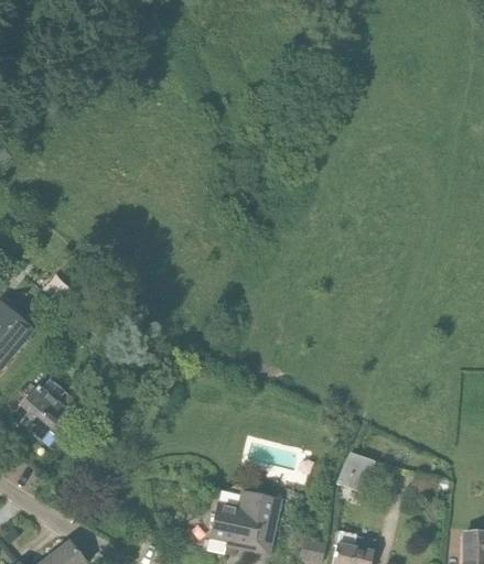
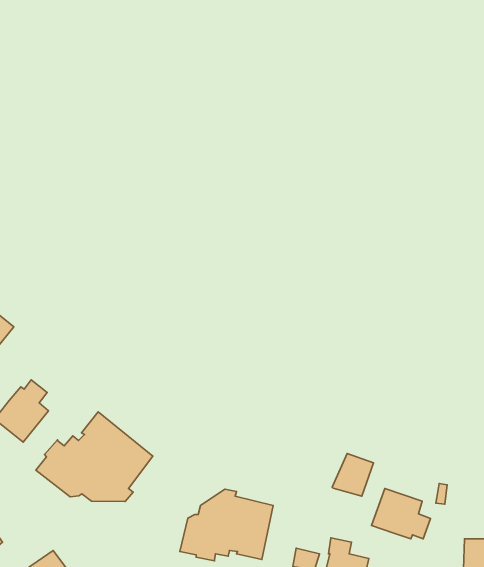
building: none -> [36,412,153,502]
building: none -> [372,488,431,539]

